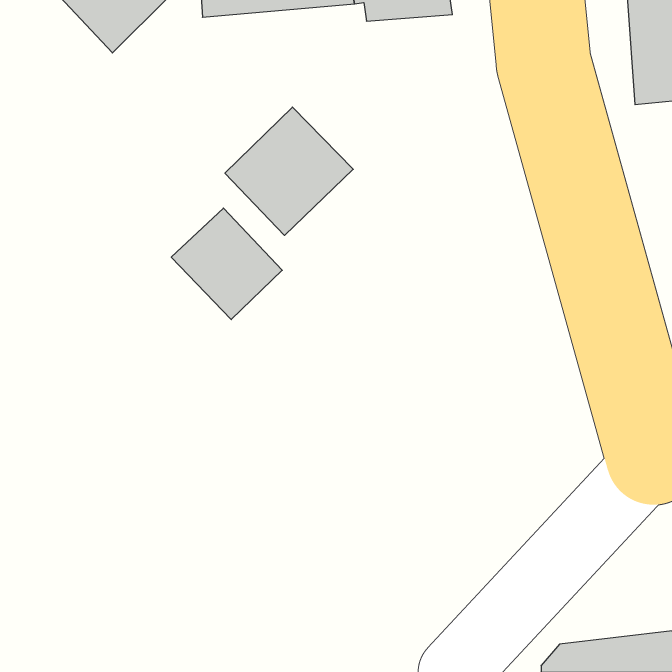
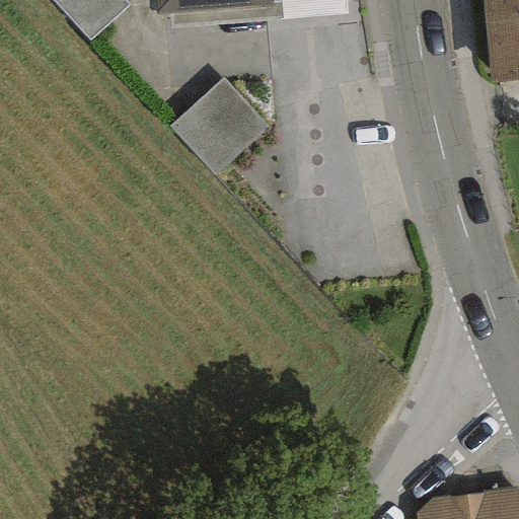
building: [171,208,282,320] -> none

